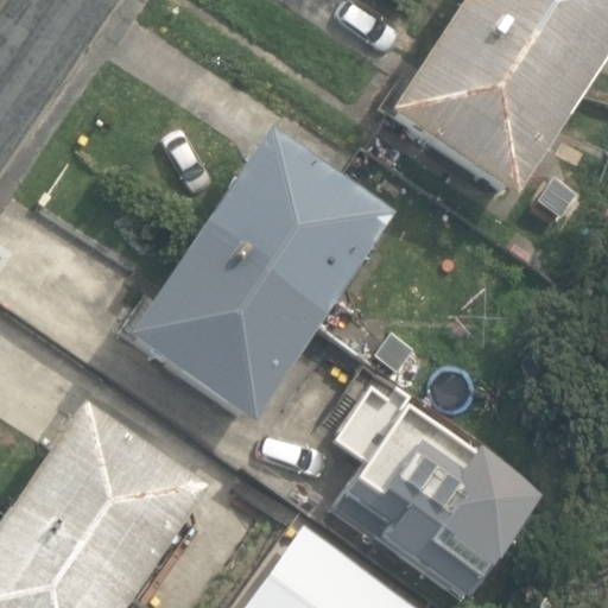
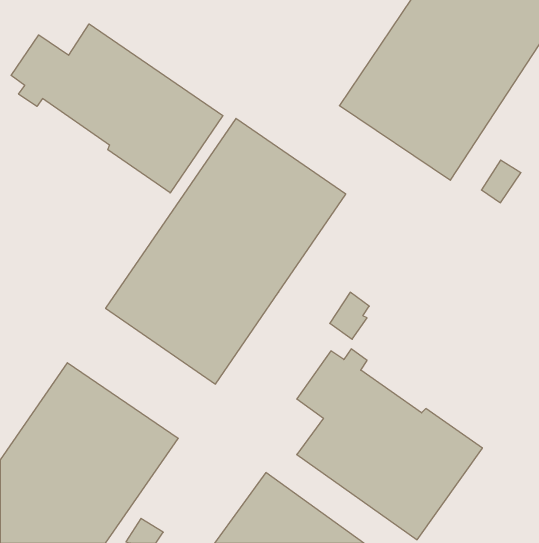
building: none -> [11,24,223,193]

